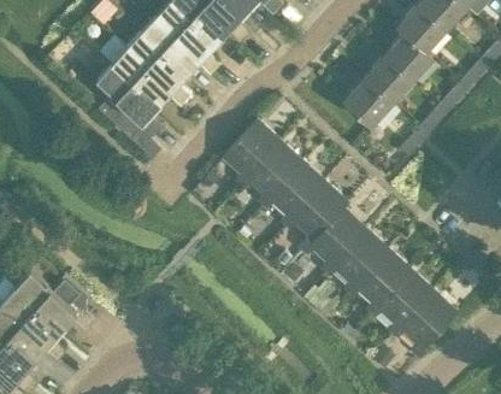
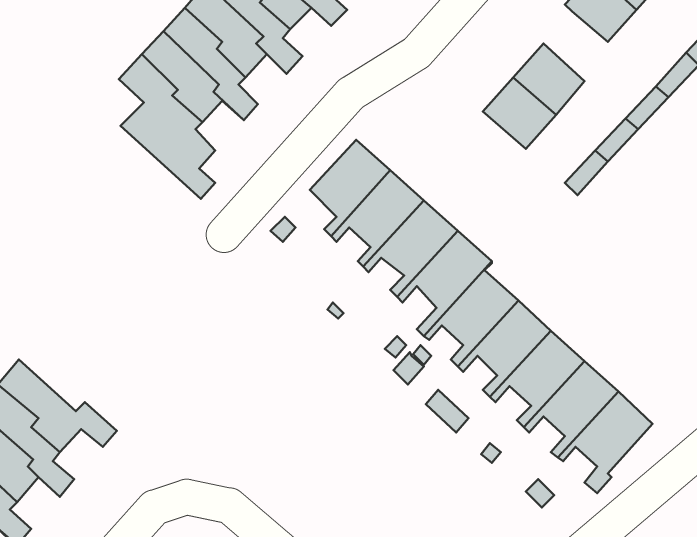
building: [383,34,431,81] -> none

